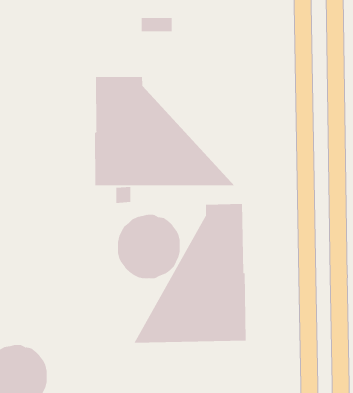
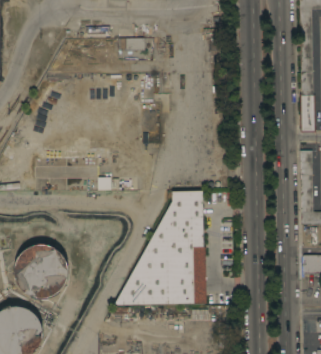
building: [94,76,236,186] -> none
building: [117,214,180,279] -> [15,244,67,297]

